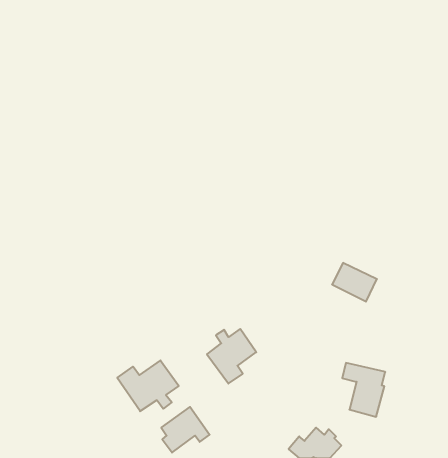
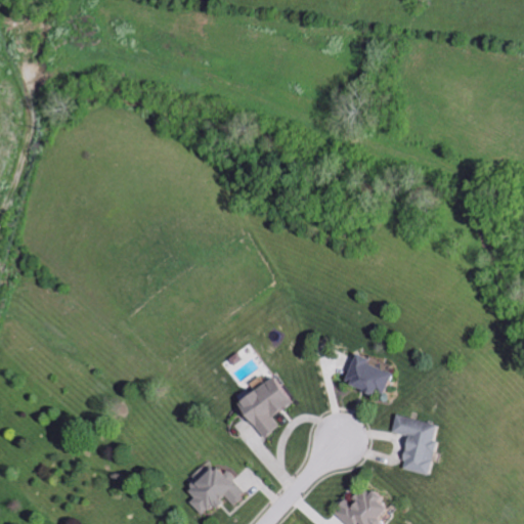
building: [332,263,377,302] -> [344,355,395,399]
building: [117,360,179,411] -> none

